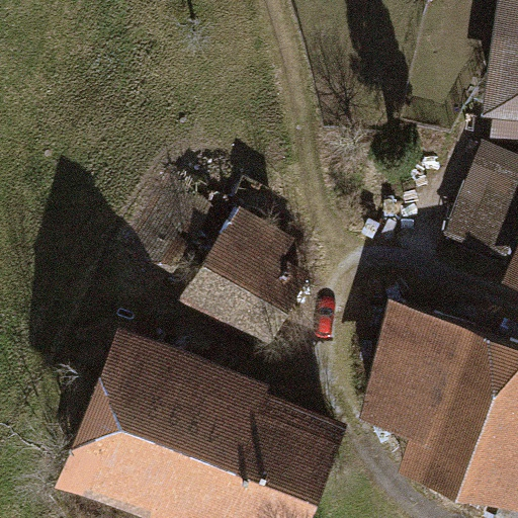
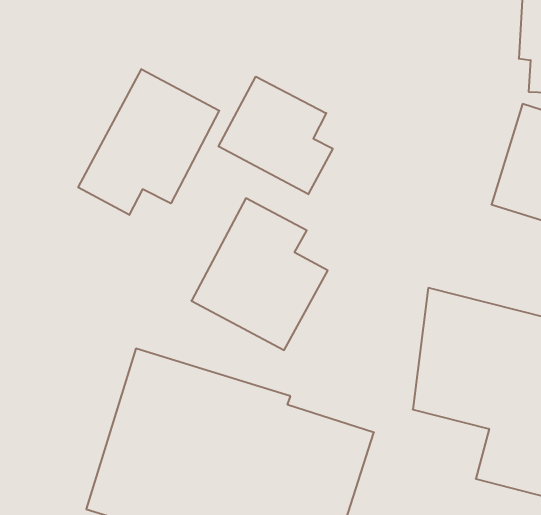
building: none -> [78,69,219,215]
building: none -> [219,77,333,194]

